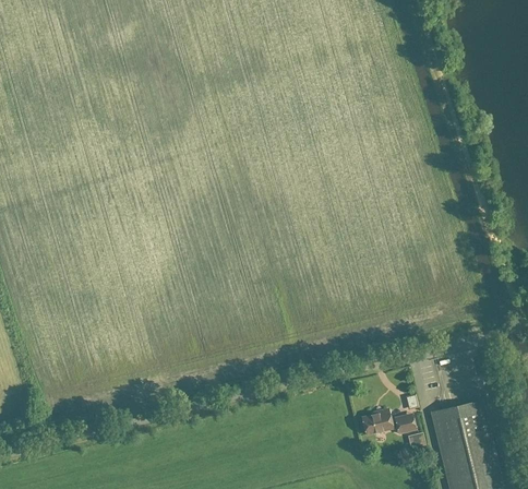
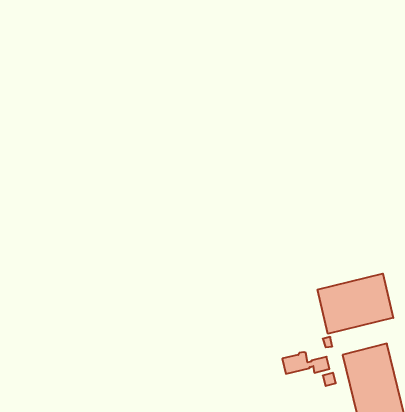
building: none -> [318,274,393,334]

